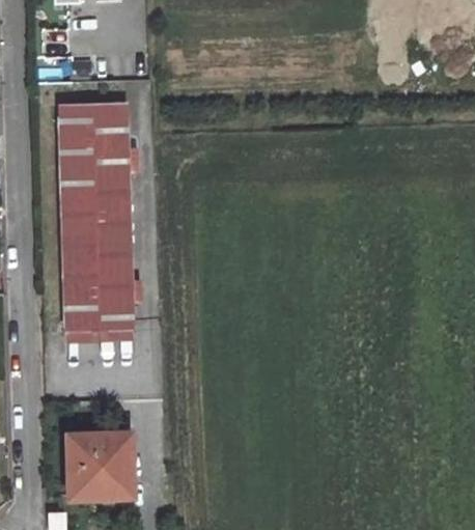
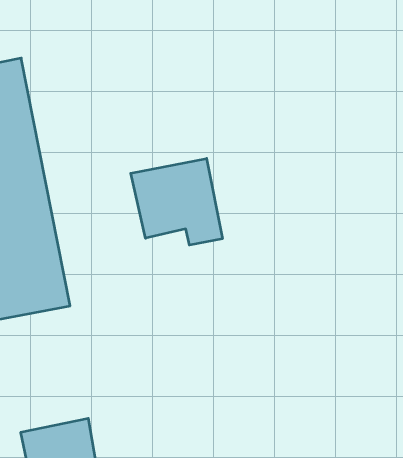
building: none -> [131,158,222,245]

